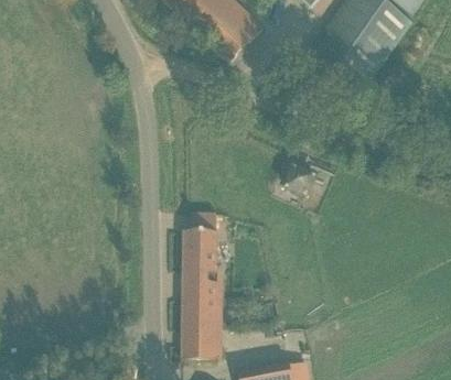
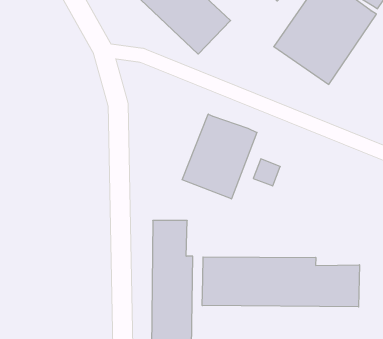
building: none -> [182,114,257,199]
building: none -> [202,257,359,307]

